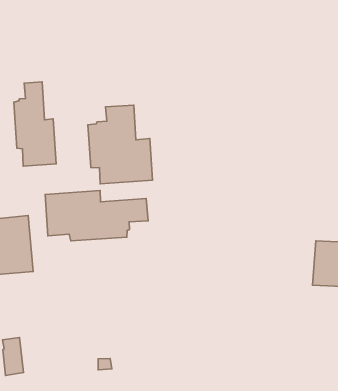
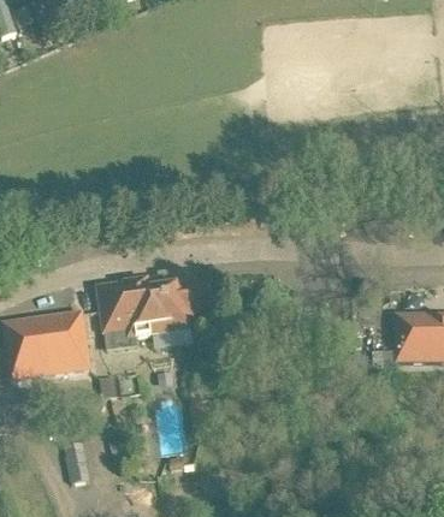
building: [14,82,56,166] -> none
building: [88,105,153,184] -> none

